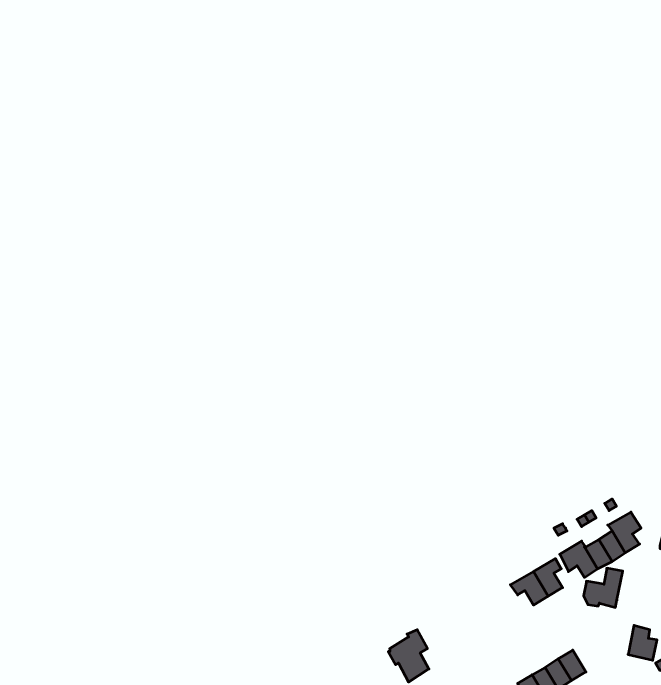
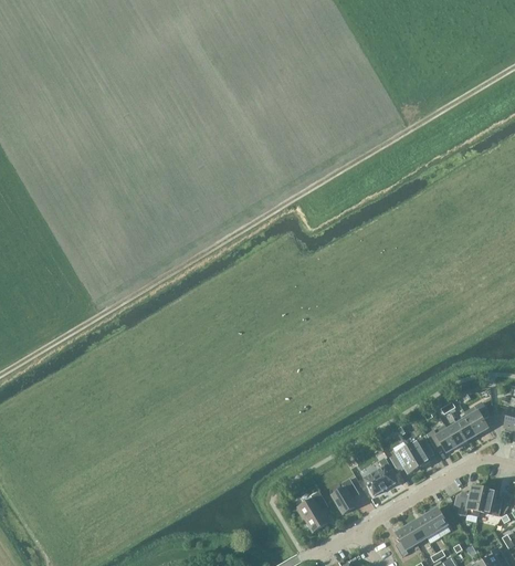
building: [584,568,623,607] -> [454,486,484,516]
building: none -> [364,458,396,495]
building: none -> [332,479,358,513]

